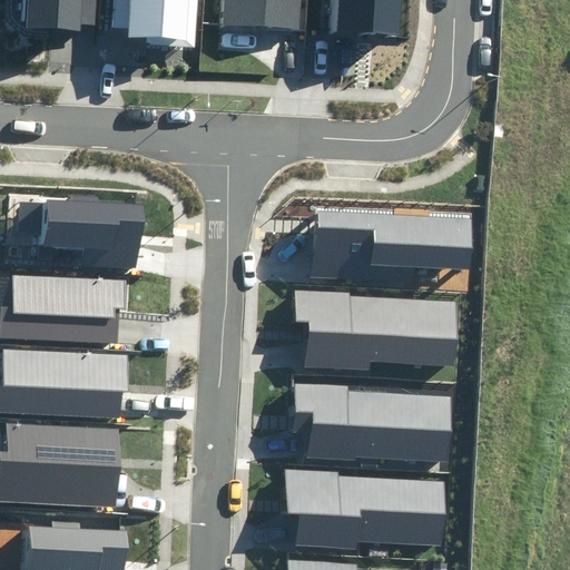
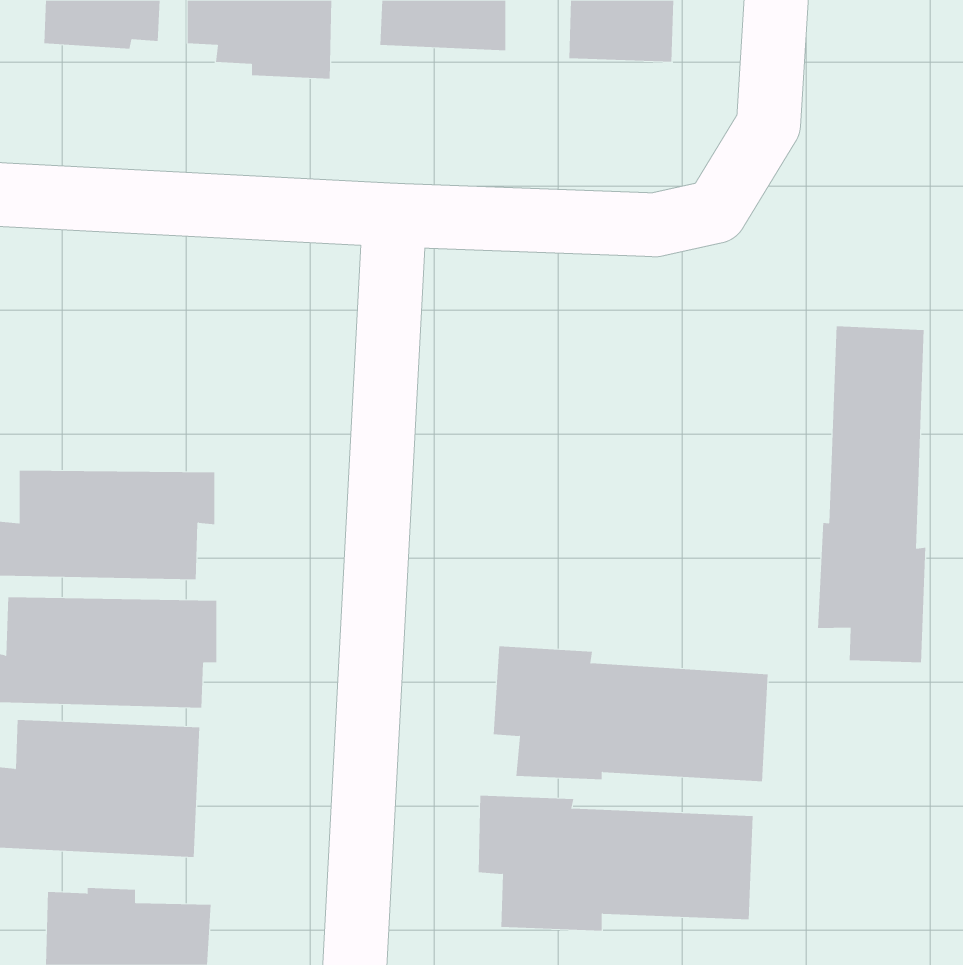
building: none -> [818,325,926,663]
building: [42,193,140,268] -> none
building: [312,212,474,282] -> none
building: [293,289,455,371] -> none

